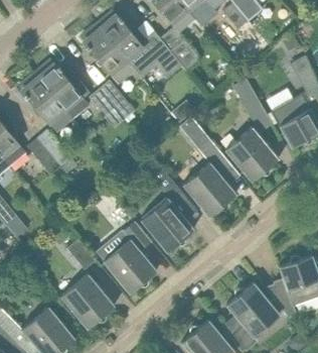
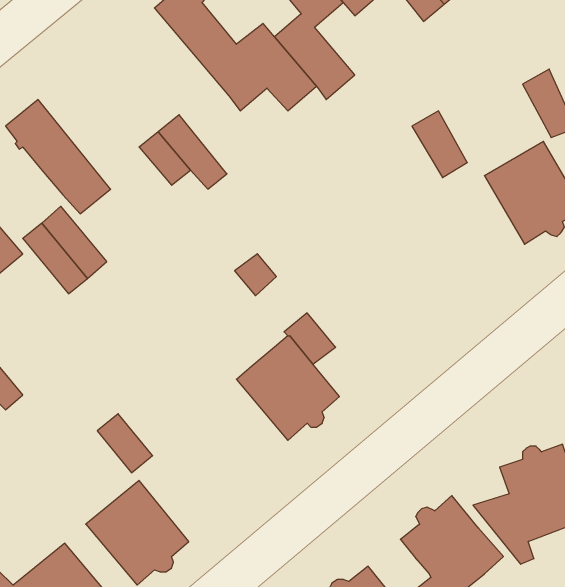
building: [80,23,135,84] -> none
building: [34,58,89,119] -> none
building: [179,117,235,217] -> none
building: [223,126,278,182] -> none
building: [102,221,156,293] -> none

